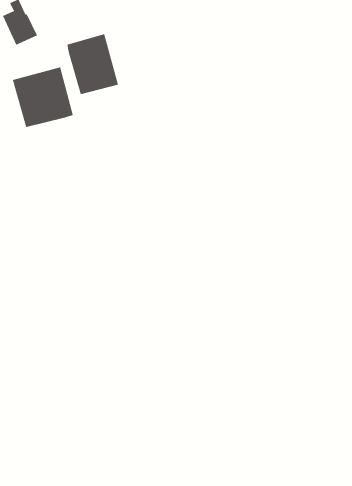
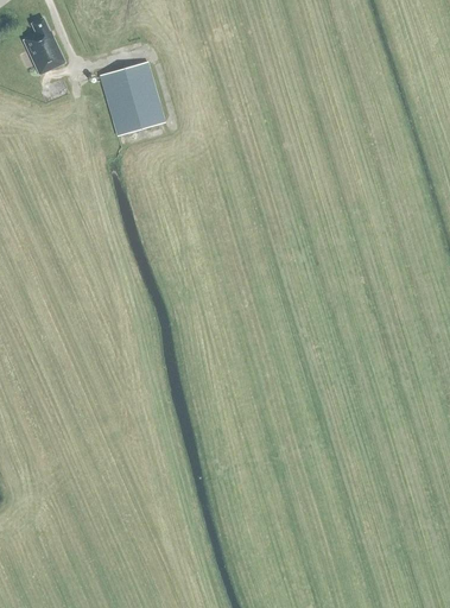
building: [12,66,73,128] -> none

